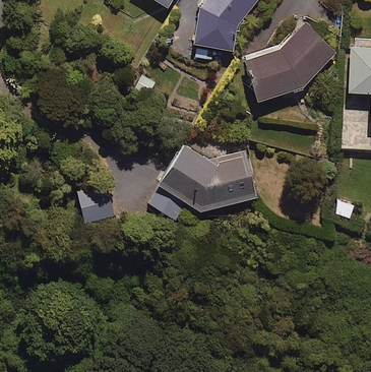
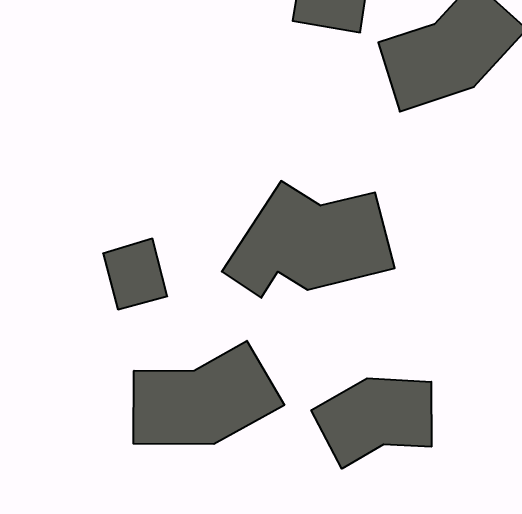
building: none -> [133,341,284,444]
building: none -> [311,378,431,469]

